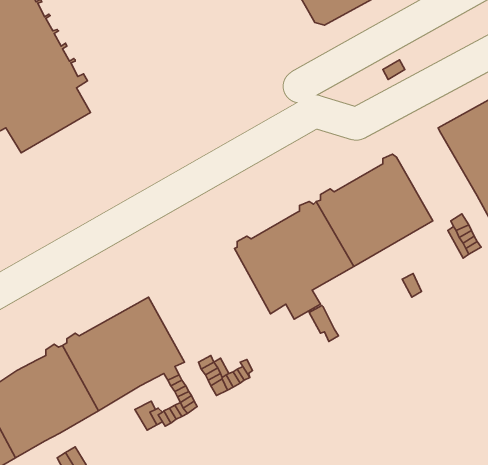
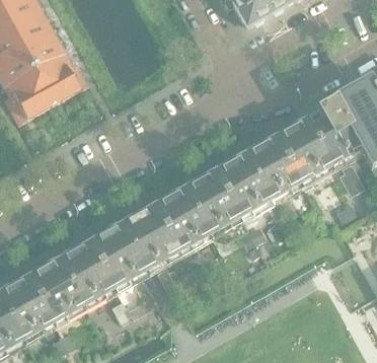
building: none -> [301,100,360,166]
building: none -> [120,186,209,270]

